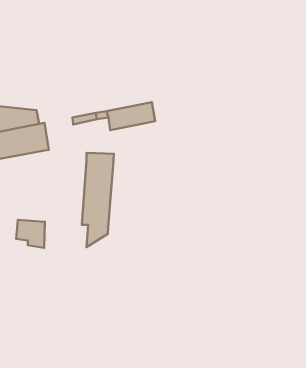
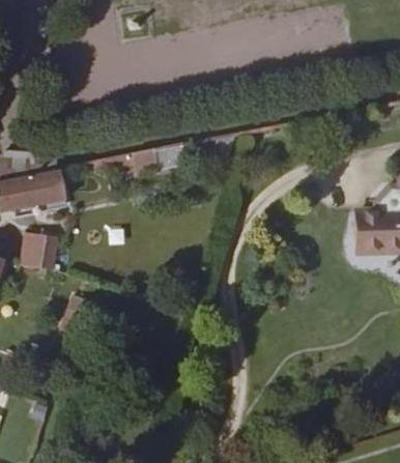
building: [82,153,114,247] -> none
building: [16,220,45,248] -> [22,236,55,268]

